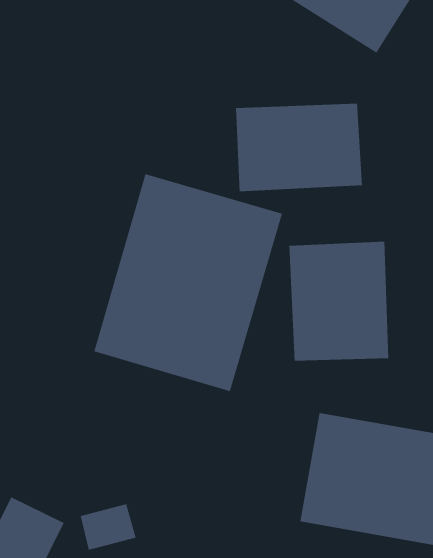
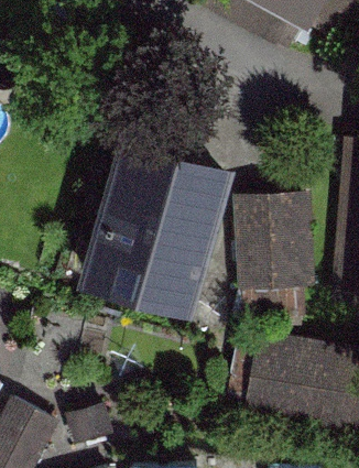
building: [236,103,362,192] -> none

